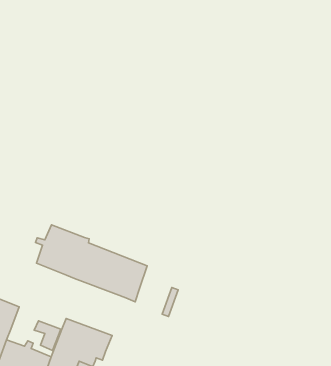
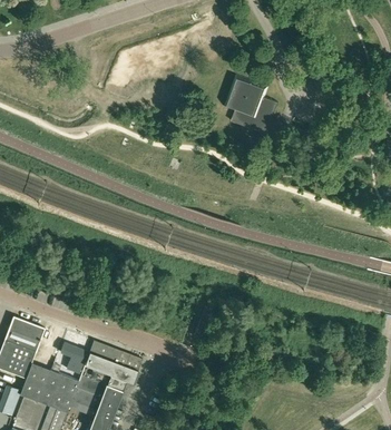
building: none -> [224,76,278,135]
building: [35,225,147,302] -> none

